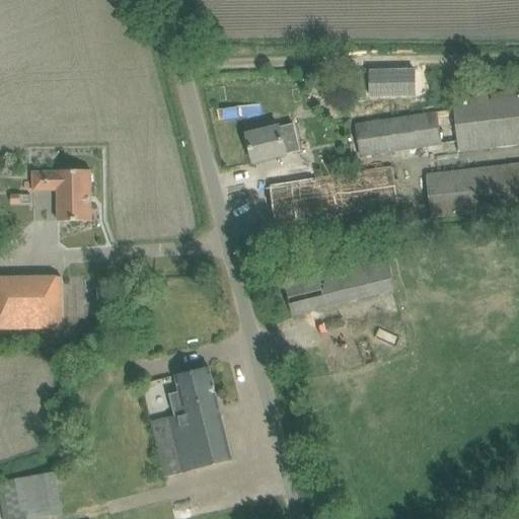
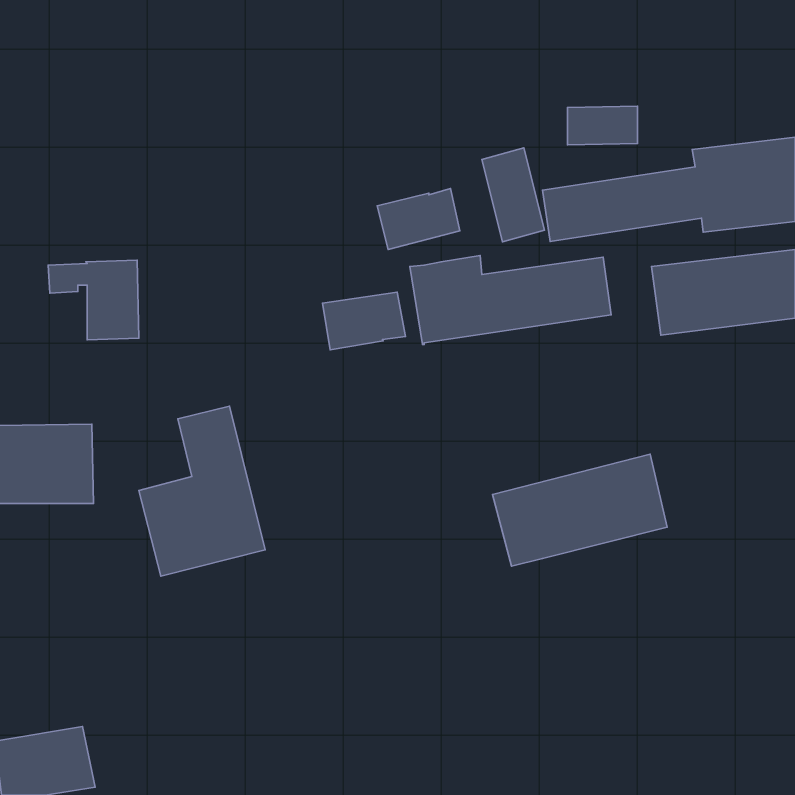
building: none -> [482,148,544,242]
building: none -> [323,292,406,350]
building: [281,242,394,315] -> [493,454,667,566]
building: [149,367,231,477] -> [139,406,265,576]

